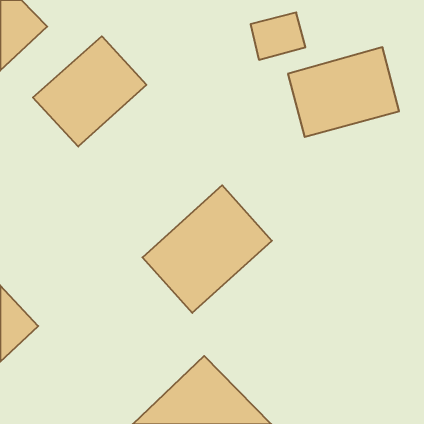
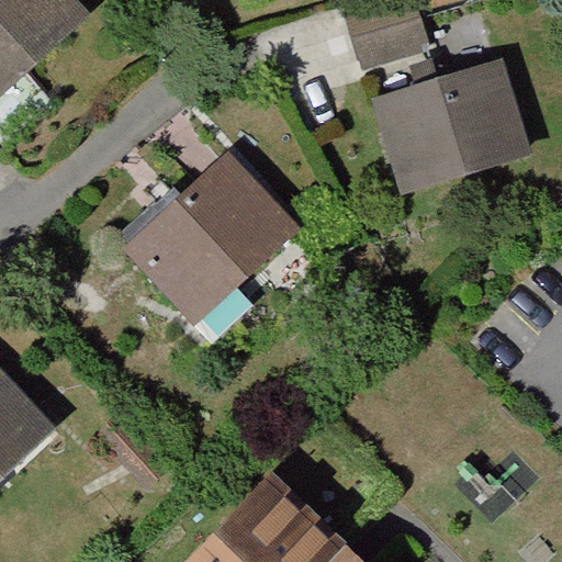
building: [33,36,146,147] -> none
building: [142,185,272,313] -> [126,154,297,323]

